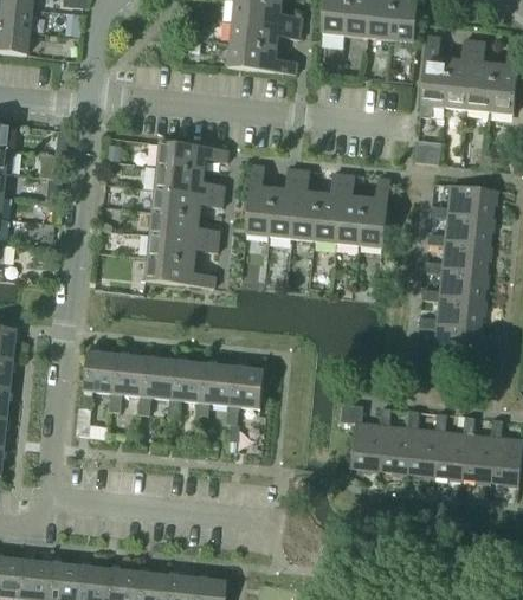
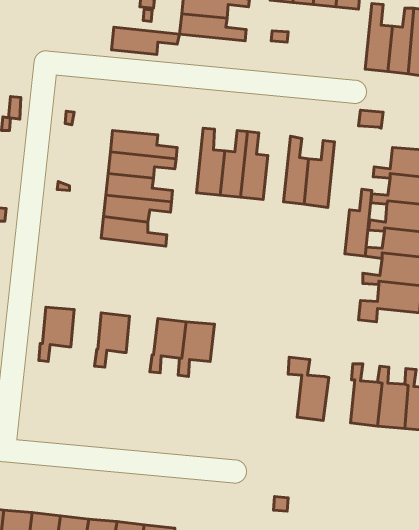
building: [157,143,228,172] -> [111,27,179,54]
building: [315,172,343,241] -> [345,189,372,256]
building: [109,354,146,412] -> none
building: [168,361,205,418] -> none
building: [377,407,411,472] -> none

